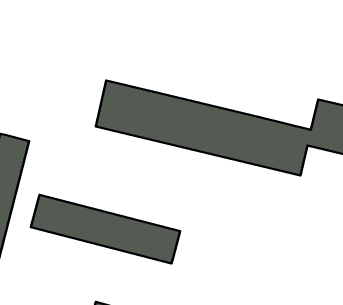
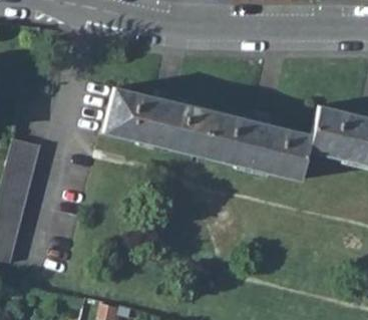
building: [31,195,180,264] -> none

